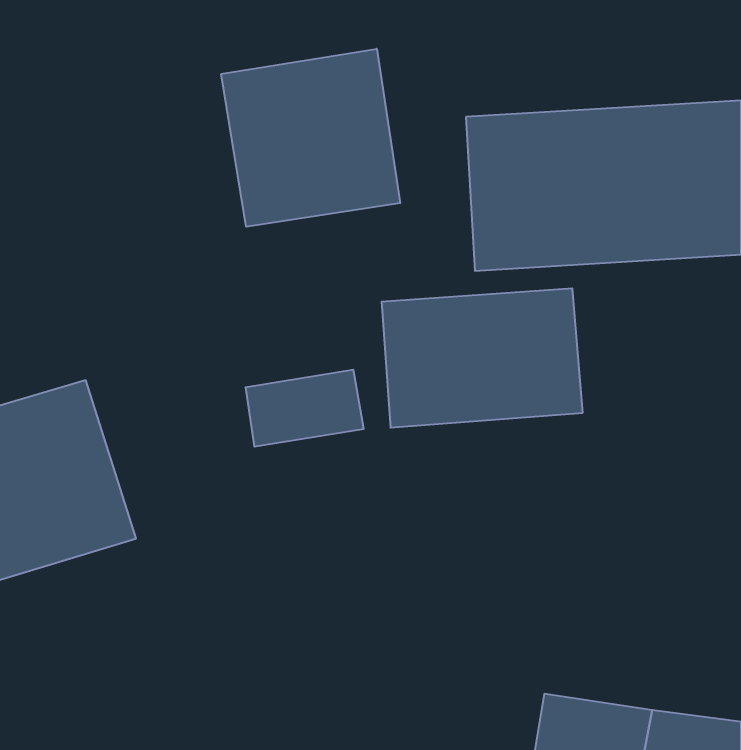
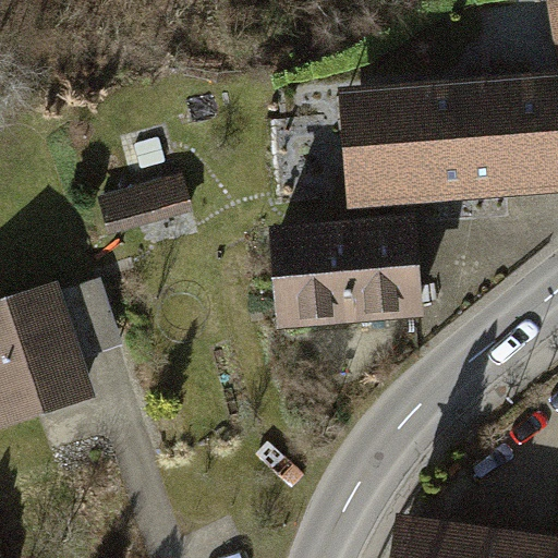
building: [221,49,400,227] -> none
building: [245,370,364,447] -> [97,179,184,235]

